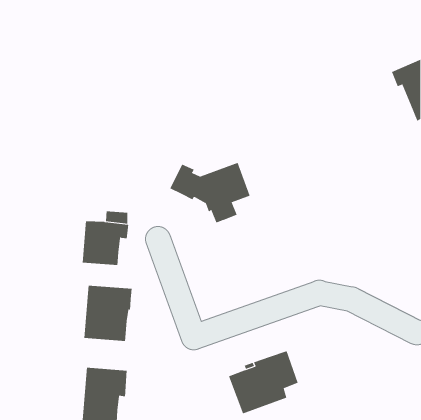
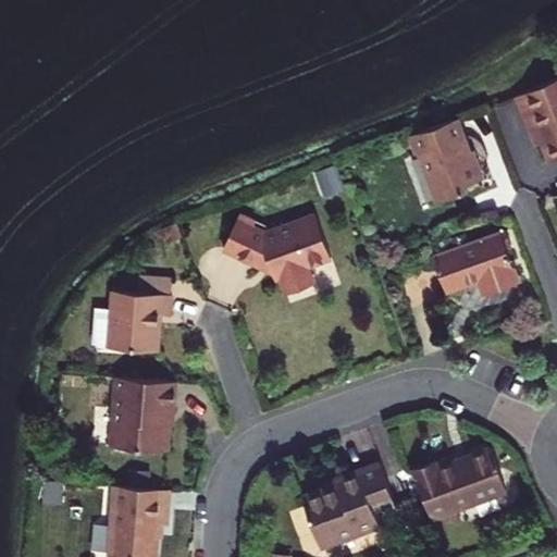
building: none -> [409,122,481,202]
building: none -> [432,236,518,297]
building: none -> [412,450,505,519]

